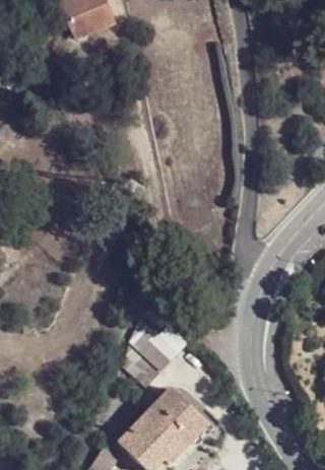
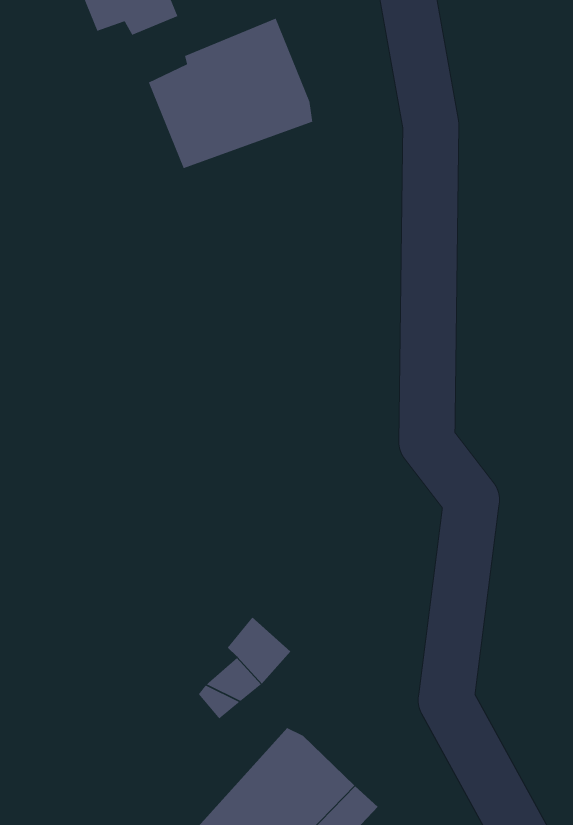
building: none -> [148,17,313,169]

